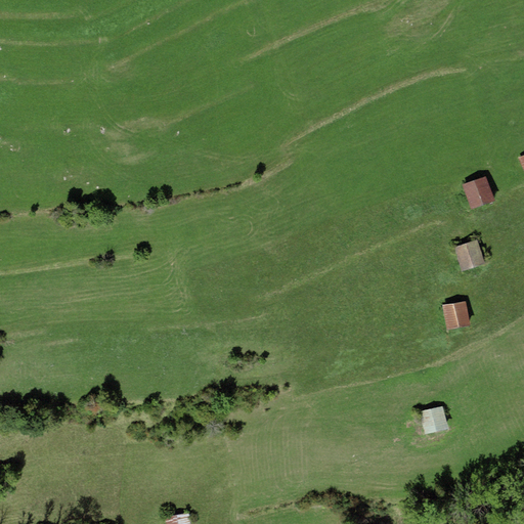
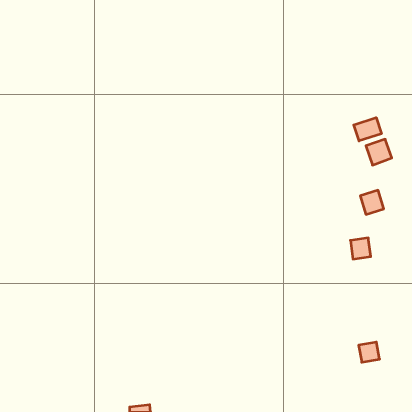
building: none -> [354,118,381,141]
building: [420,406,446,432] -> [359,342,380,362]

